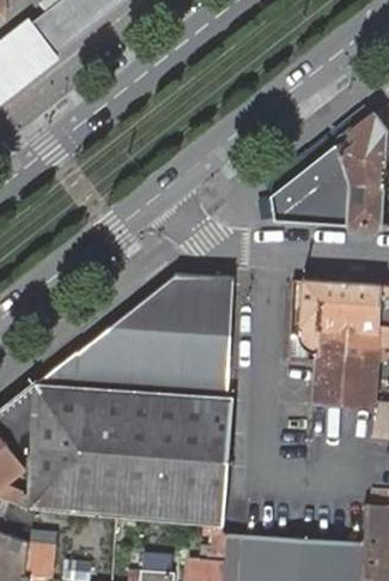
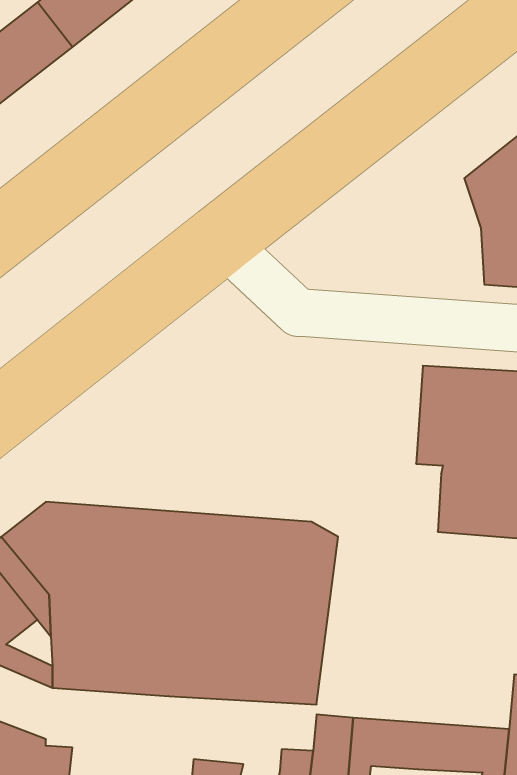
building: [272,147,351,224] -> none
building: [35,274,235,395] -> none

